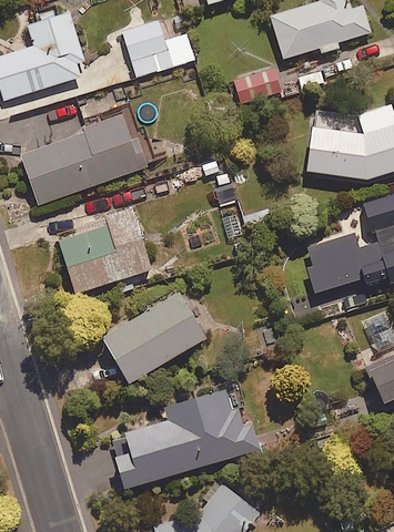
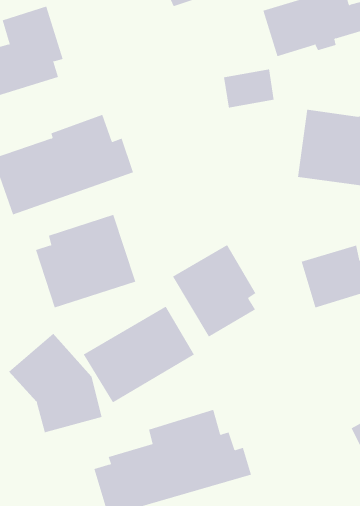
building: [122,23,193,79] -> none
building: none -> [172,244,256,337]
building: none -> [8,333,102,433]

